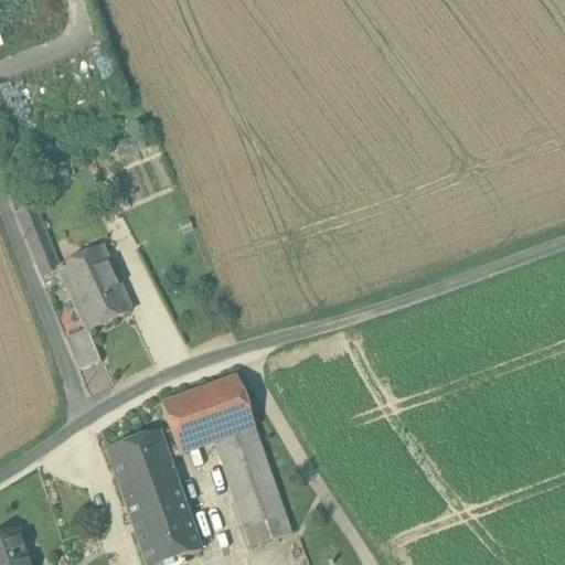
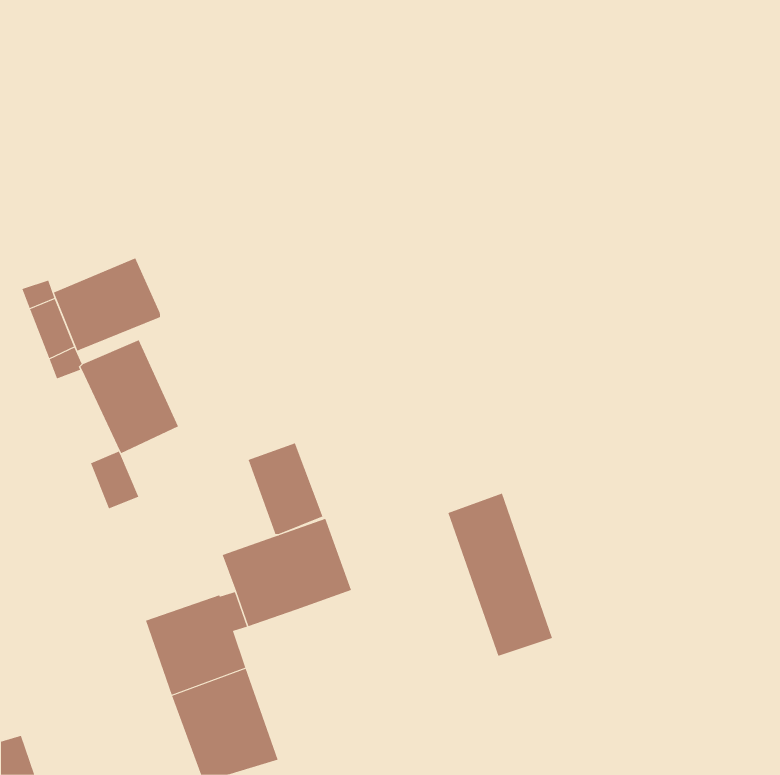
building: none -> [53,257,161,351]
building: none -> [248,443,323,535]
building: [215,426,291,544] -> [447,493,553,656]

